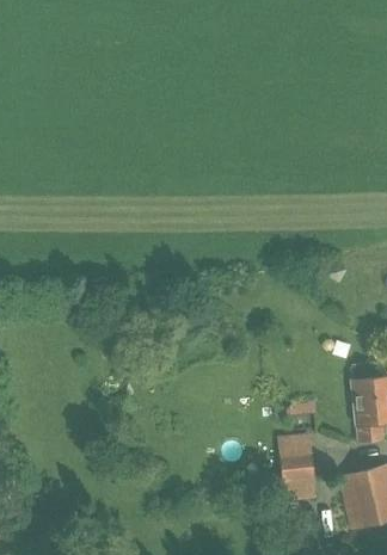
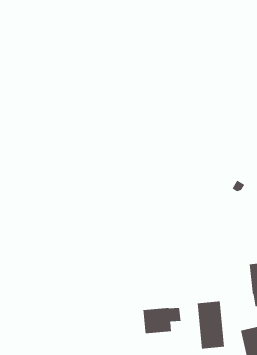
building: none -> [143,307,181,334]

